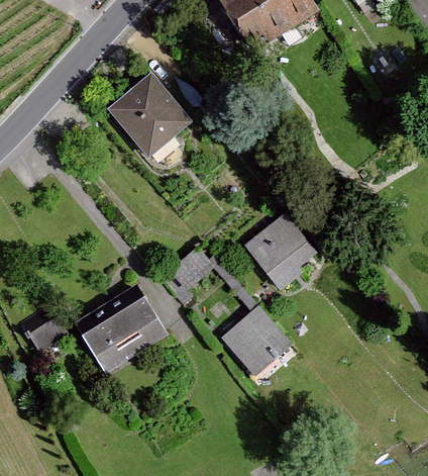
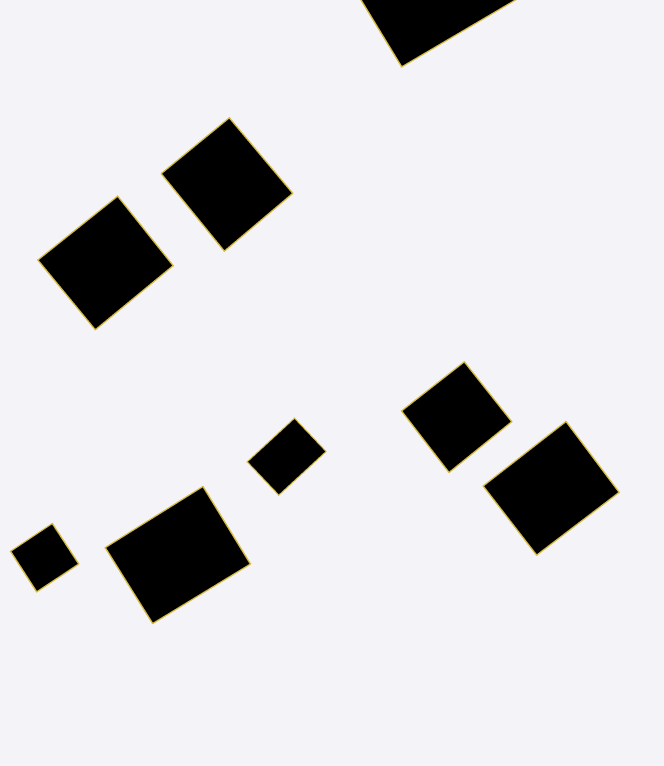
building: none -> [38,196,173,330]
building: none -> [483,421,619,555]
building: [225,309,289,372] -> none

